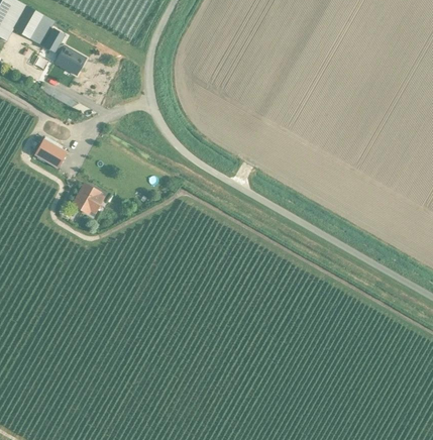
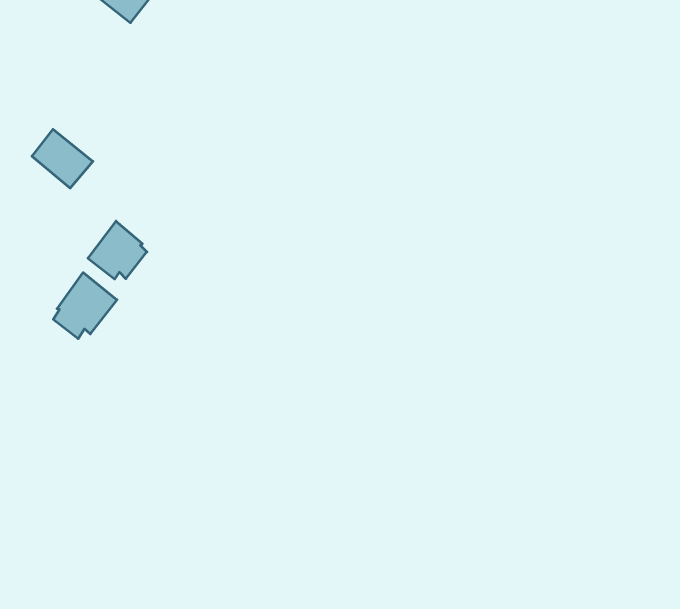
building: none -> [53,273,117,339]

